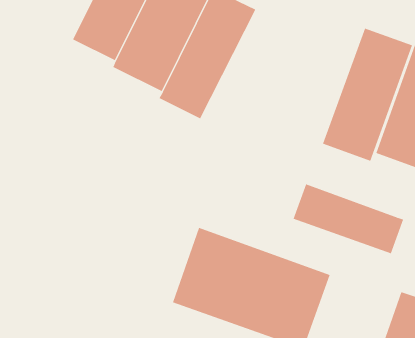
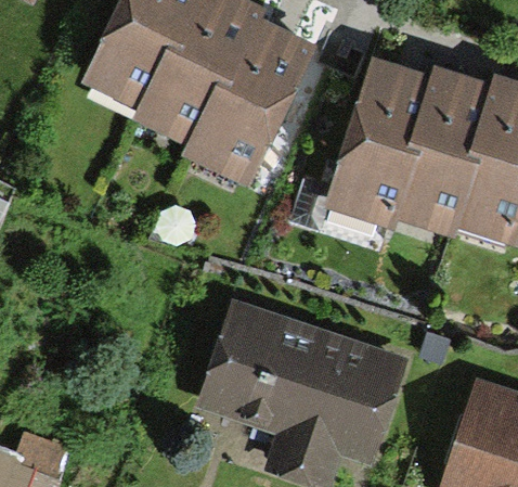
building: none -> [333,63,435,222]
building: [293,184,404,254] -> none

